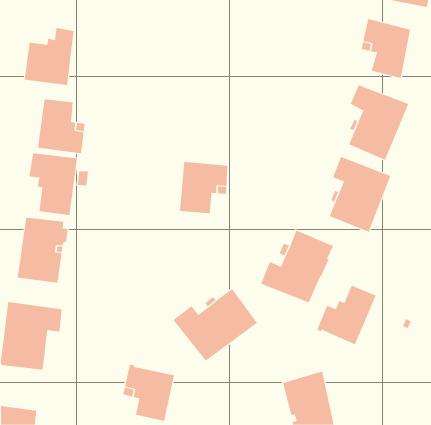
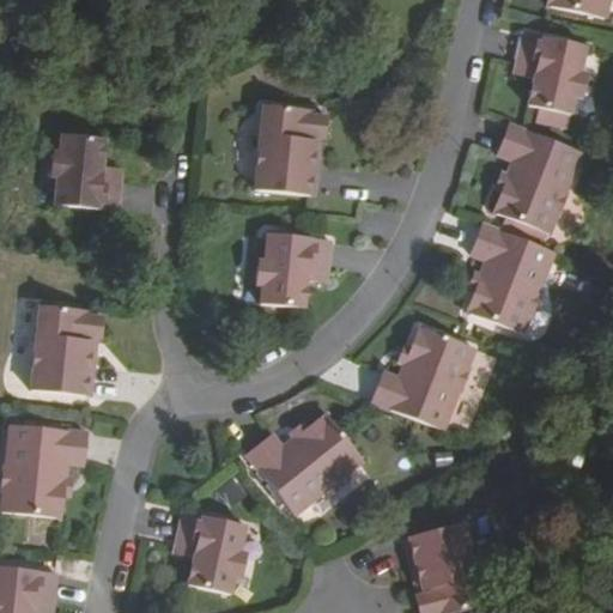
building: [24,27,74,86] -> none
building: none -> [254,103,326,194]
building: [29,152,78,216] -> none
building: [316,285,377,345] -> none

